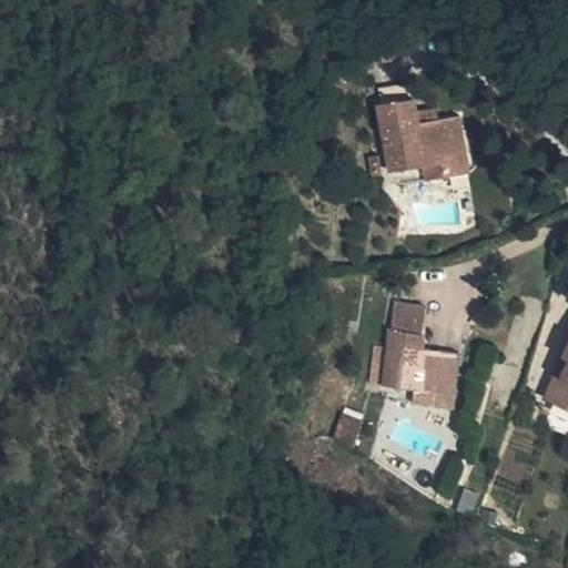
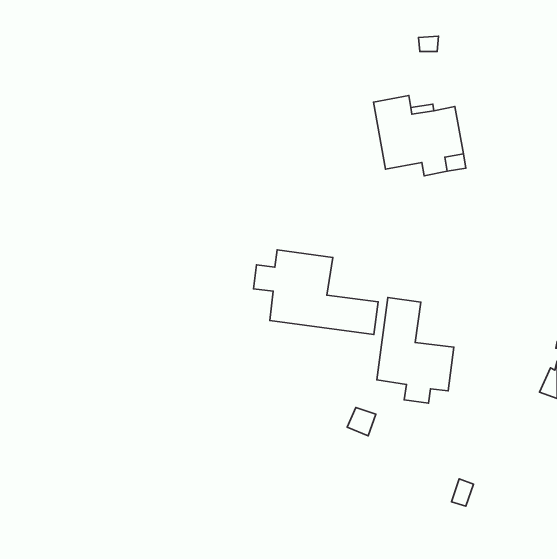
building: none -> [254,250,378,334]

